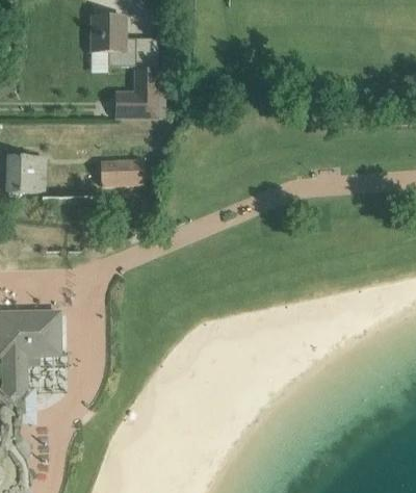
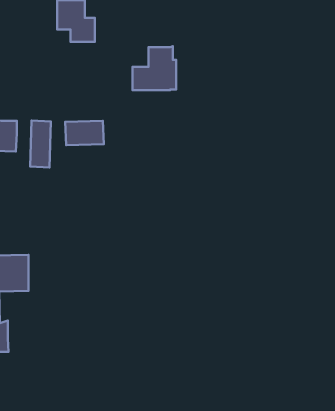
building: [113,67,164,118] -> [132,46,176,90]
building: none -> [30,121,51,167]

